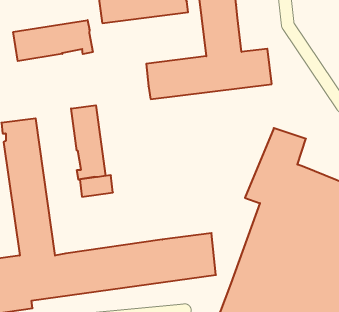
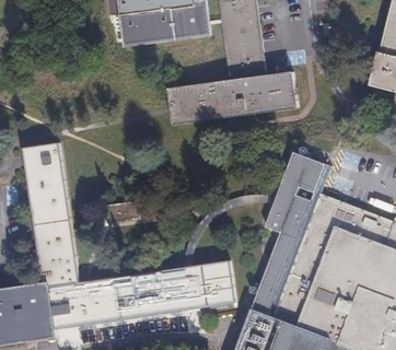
building: [13,20,93,61] -> none
building: [71,105,106,180] -> none

